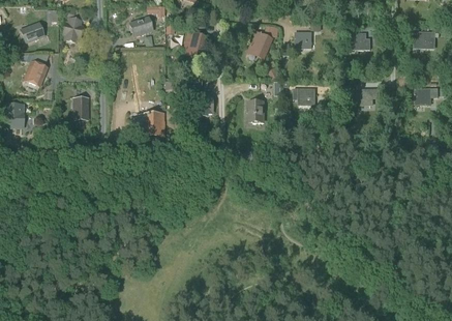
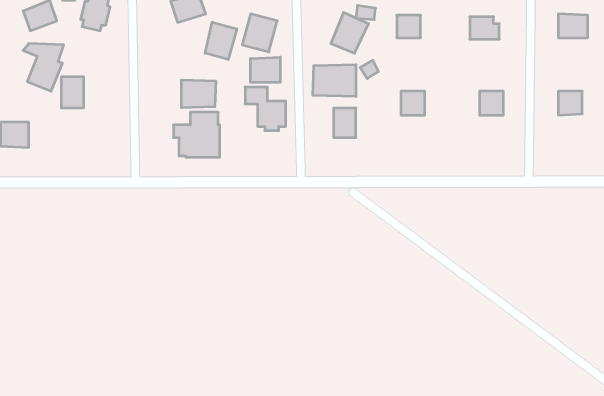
building: none -> [205,22,237,60]
building: none -> [251,57,280,82]
building: none -> [313,65,356,97]
building: none -> [181,80,216,108]
building: [72,97,89,120] -> [61,77,84,108]

